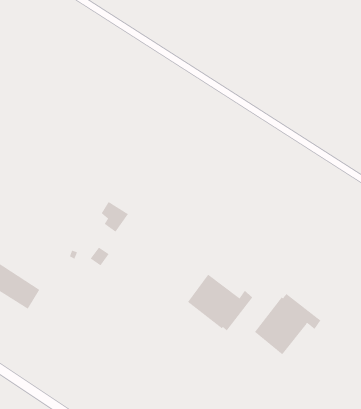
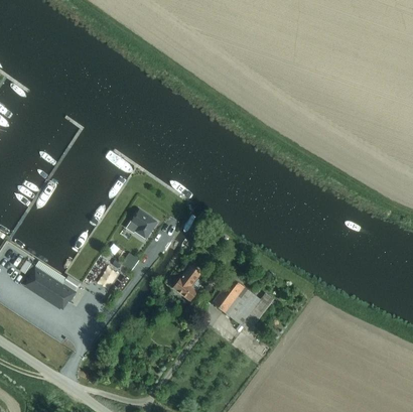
building: none -> [174,265,200,299]
building: [254,293,321,355] -> none

